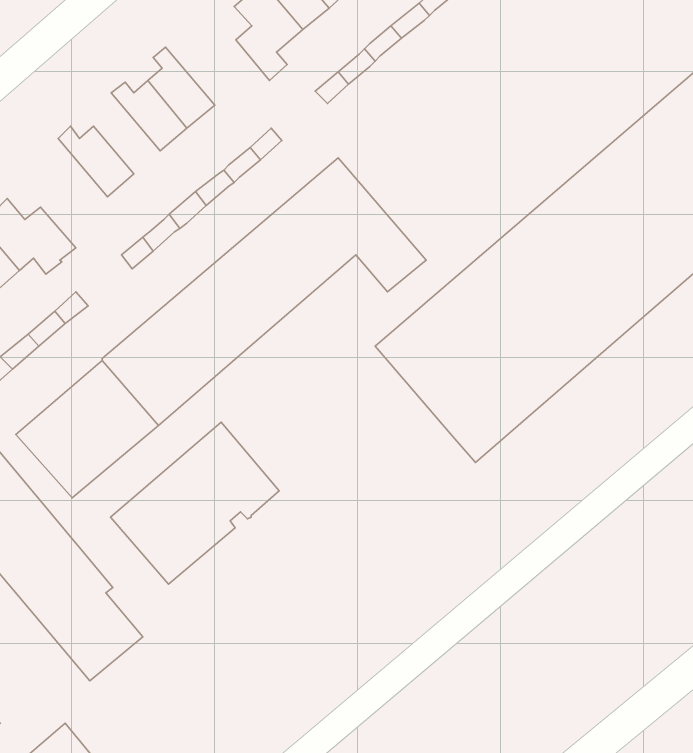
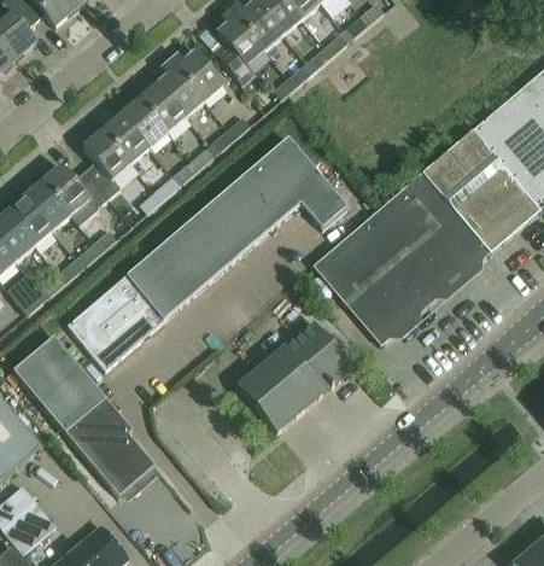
building: none -> [170,51,223,100]
building: none -> [121,92,166,147]
building: none -> [83,123,130,198]
building: [110,422,279,584] -> [238,320,353,431]

